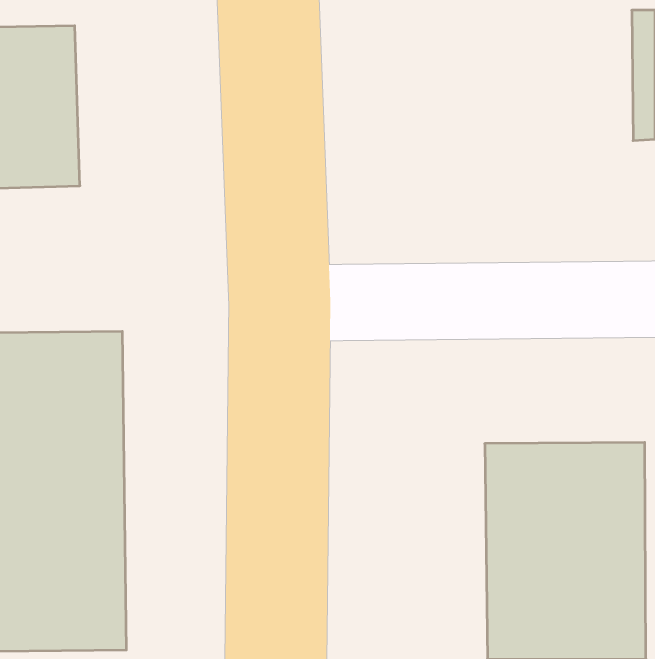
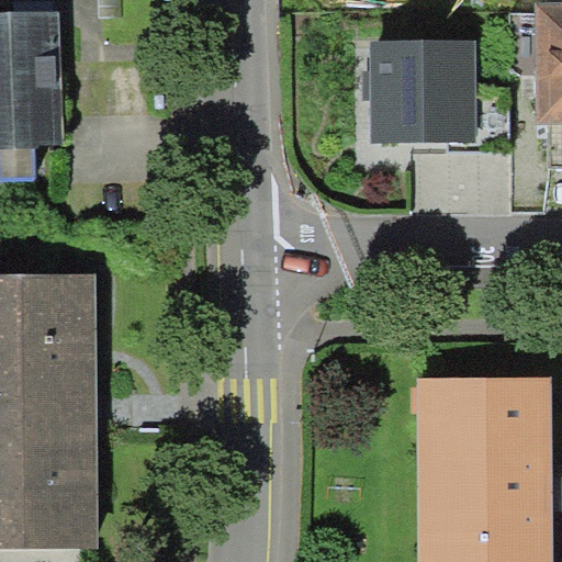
building: none -> [367,43,461,136]

